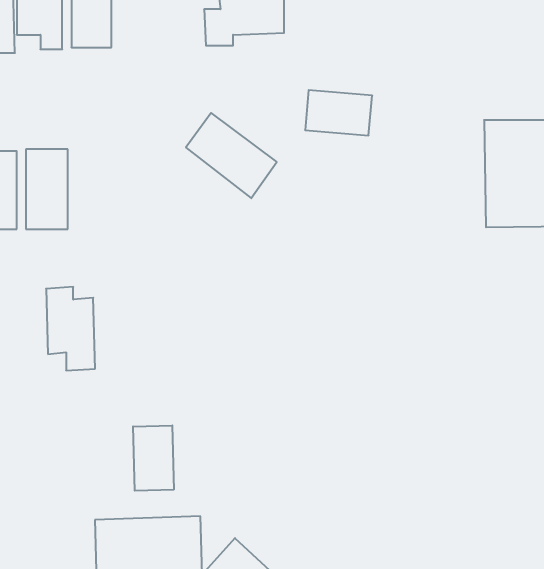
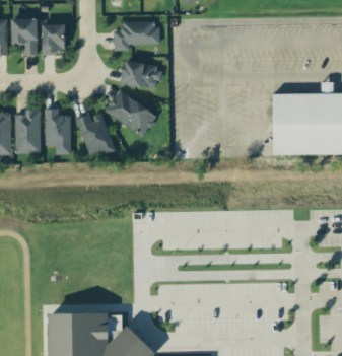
building: [305,90,372,135] -> [125,63,162,88]
building: none -> [77,114,113,156]
building: [46,287,95,370] -> [46,110,73,156]
building: [133,425,174,491] -> none

